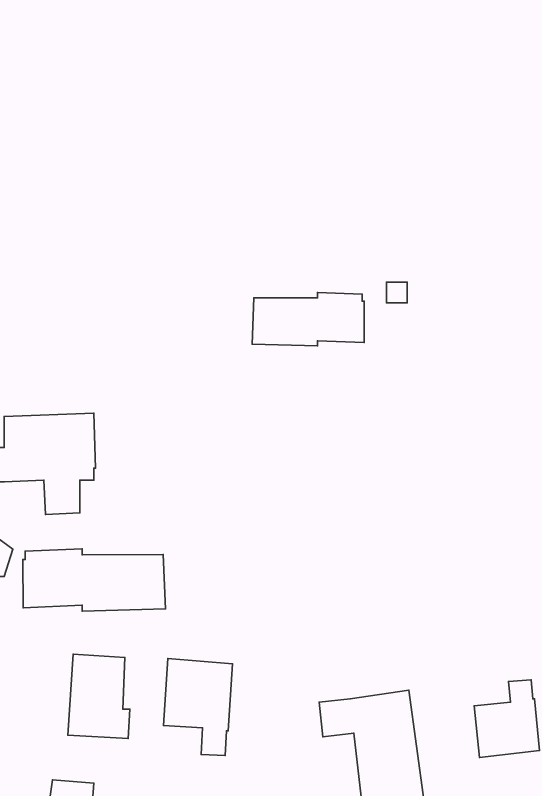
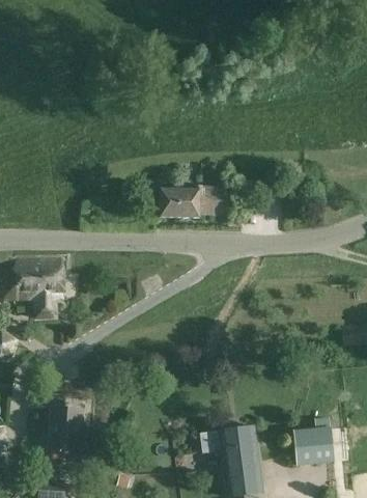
building: [23,549,165,611] -> none
building: [164,659,233,755] -> none

